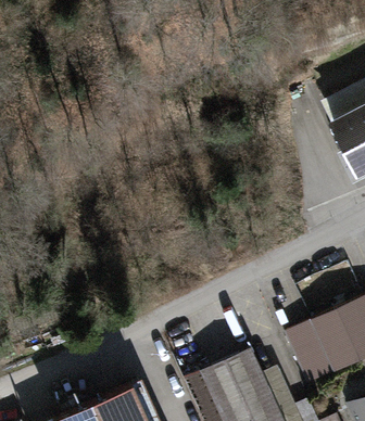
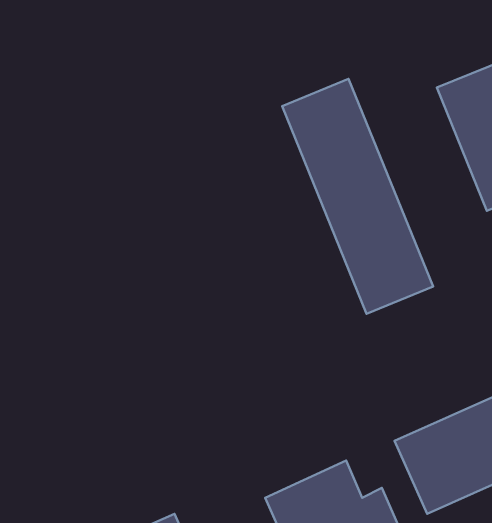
building: none -> [282,79,433,314]

